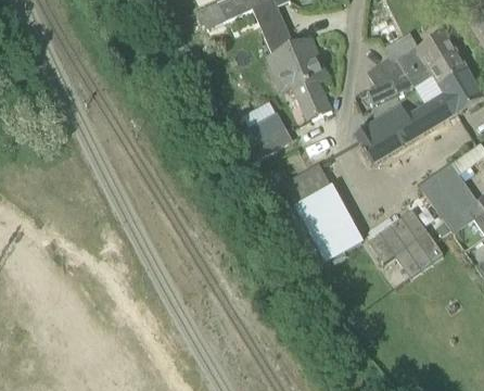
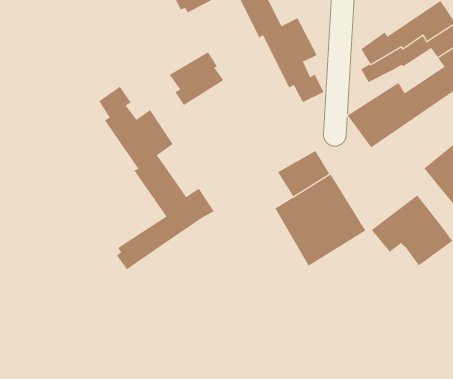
building: none -> [98,86,215,270]
building: [238,114,289,163] -> [169,52,224,106]

